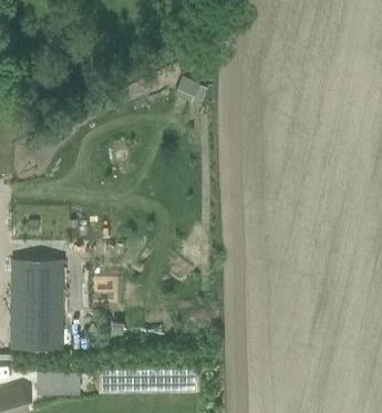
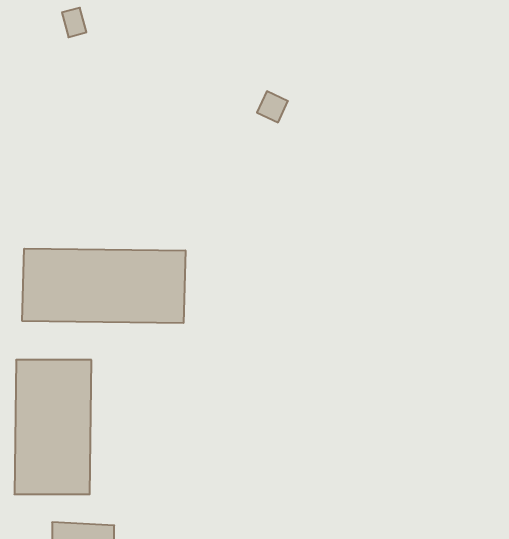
building: none -> [22,249,185,323]

